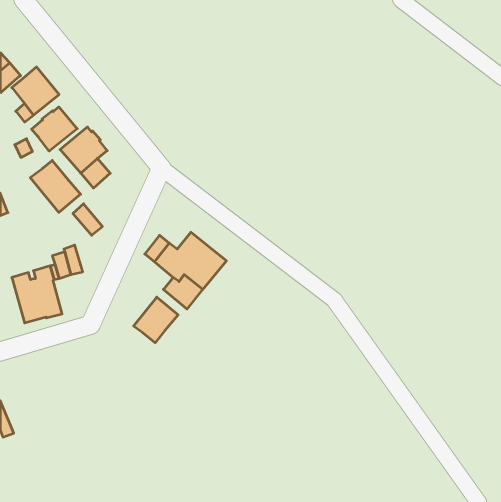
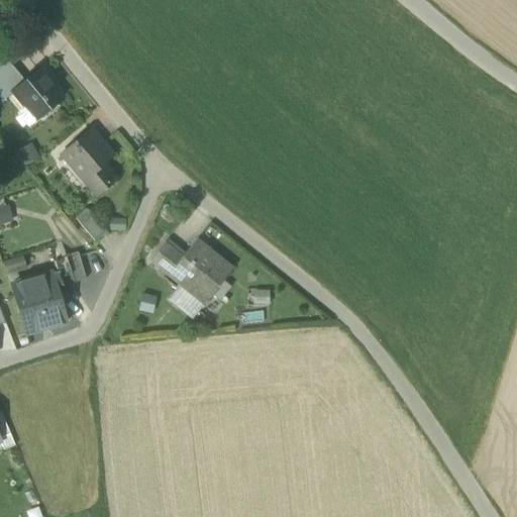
building: [32,107,77,151] -> none
building: [30,160,81,212] -> none
building: [134,297,178,343] -> none

